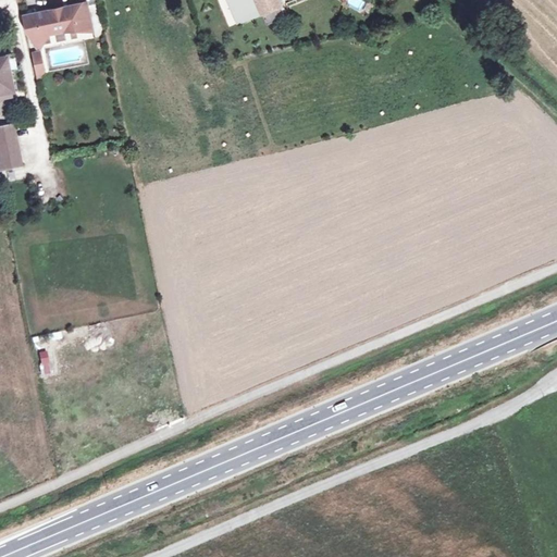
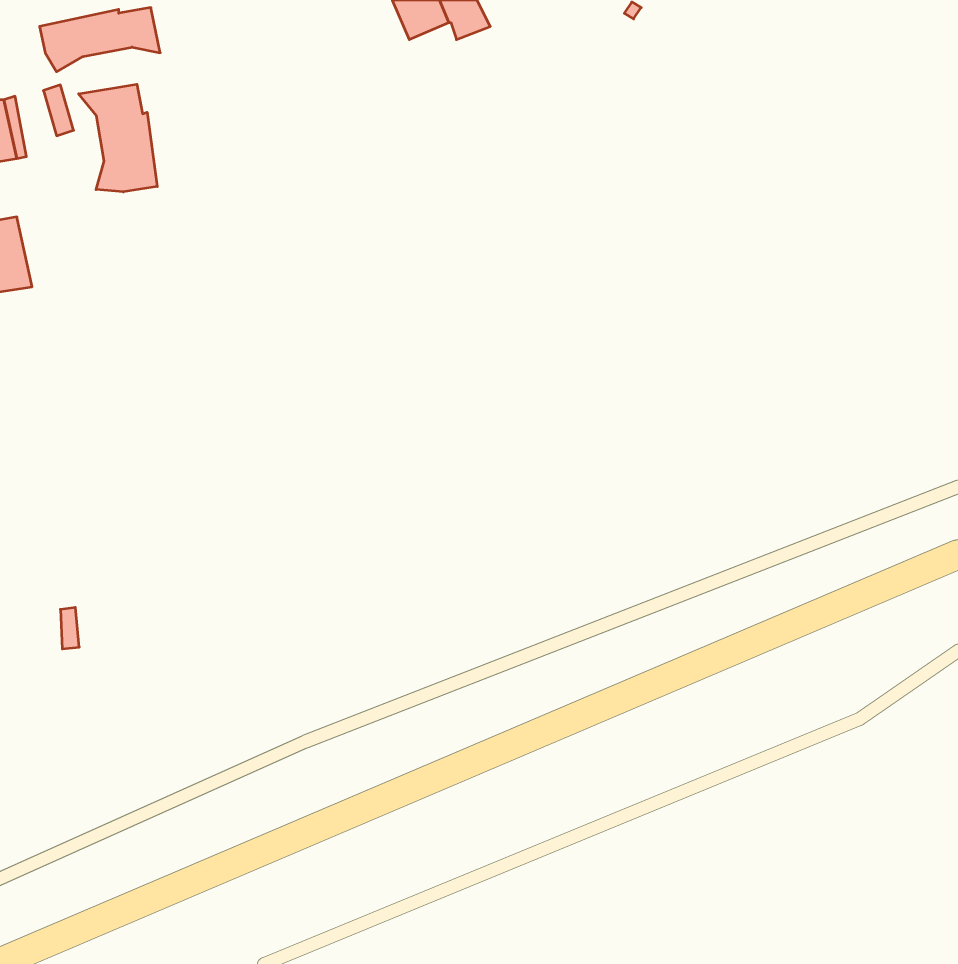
building: none -> [79,84,157,192]

